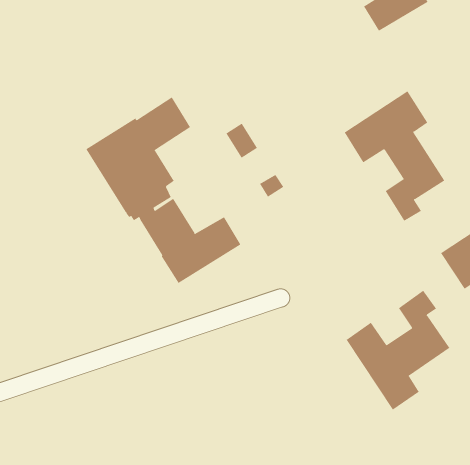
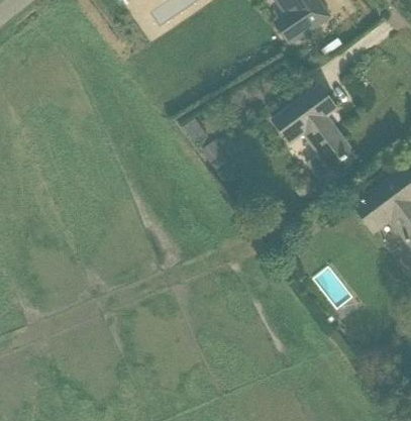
building: [86,97,241,284] -> none
building: [346,290,450,410] -> none

